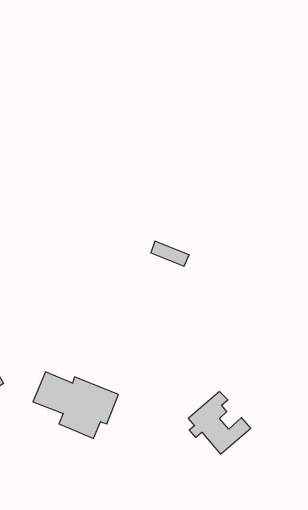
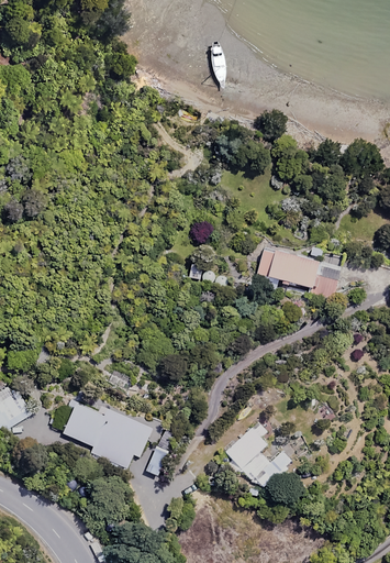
building: none -> [257,244,341,297]

